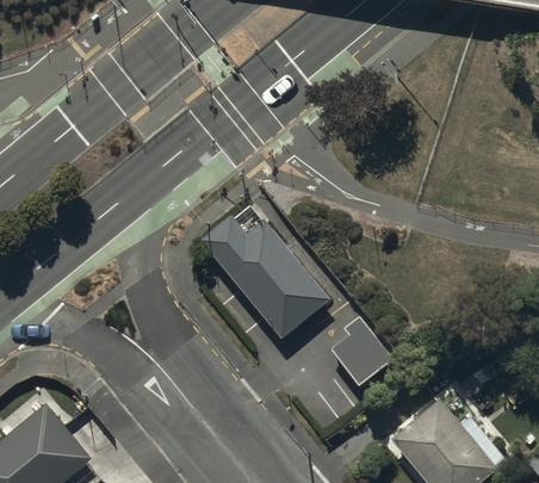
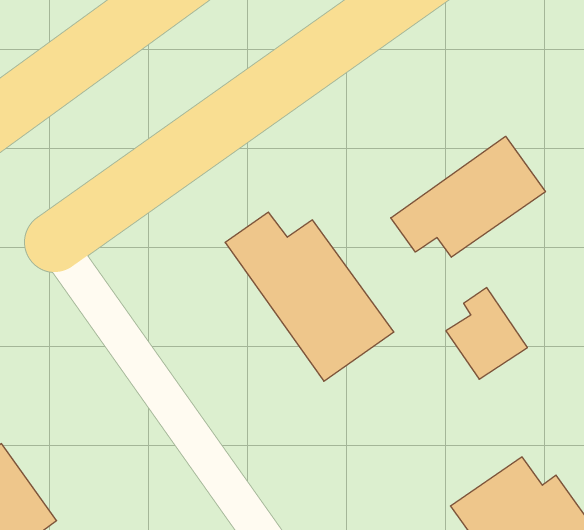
building: none -> [391,136,545,257]
building: [333,320,395,389] -> [446,288,527,379]

